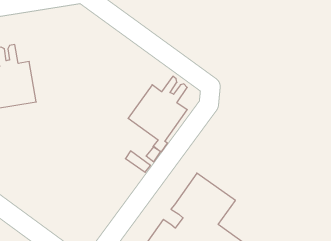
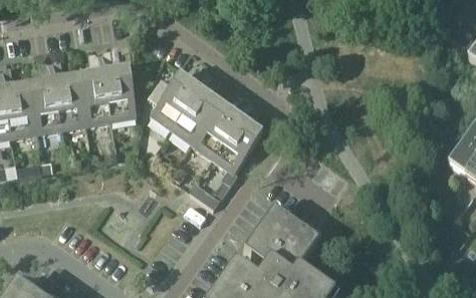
building: none -> [77,46,137,121]
building: none -> [151,62,221,140]

